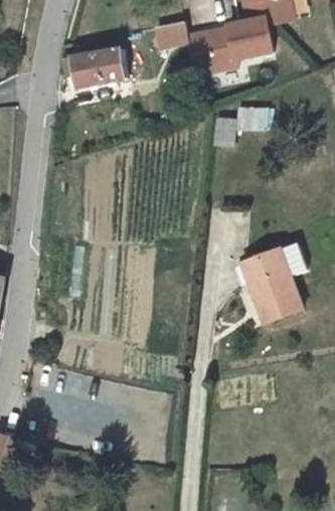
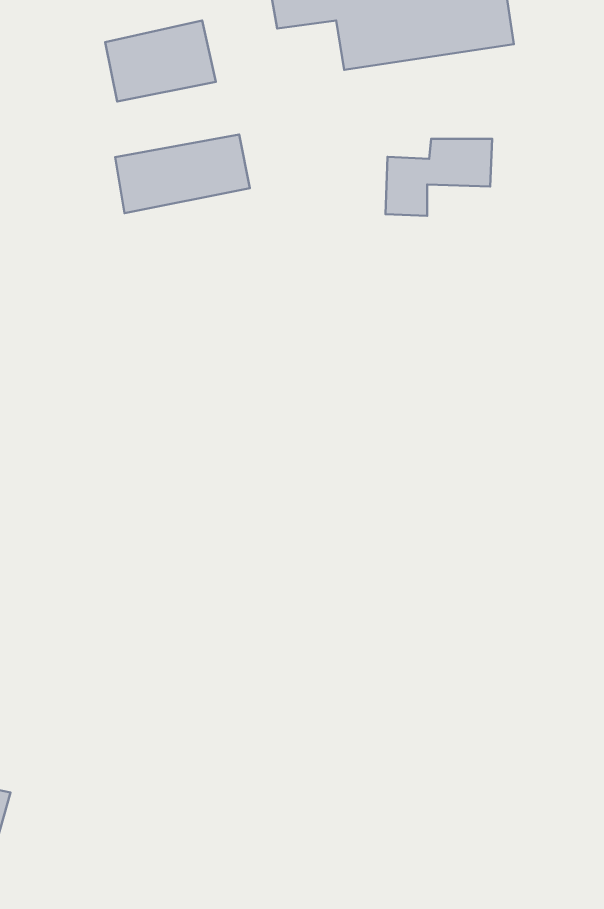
building: none -> [115,134,250,213]
building: [240,244,306,325] -> none

